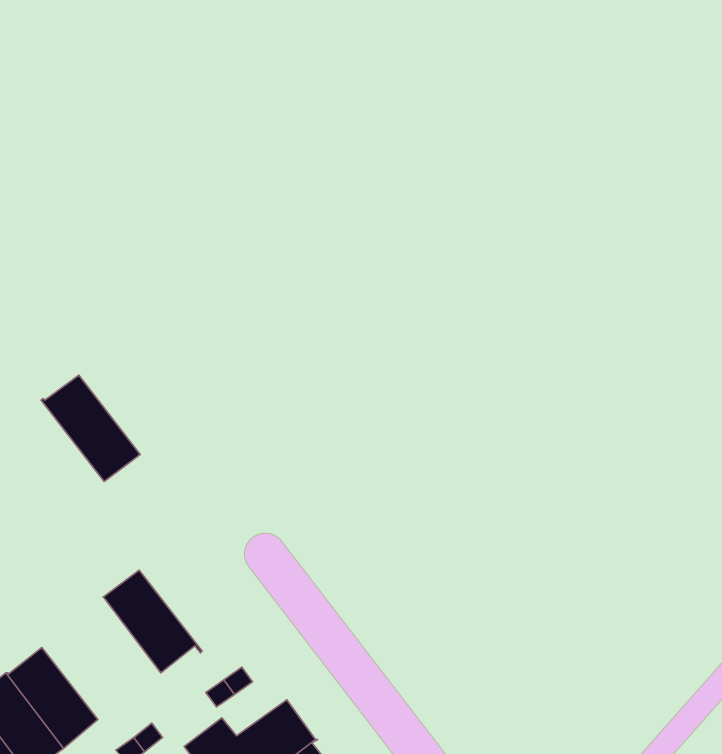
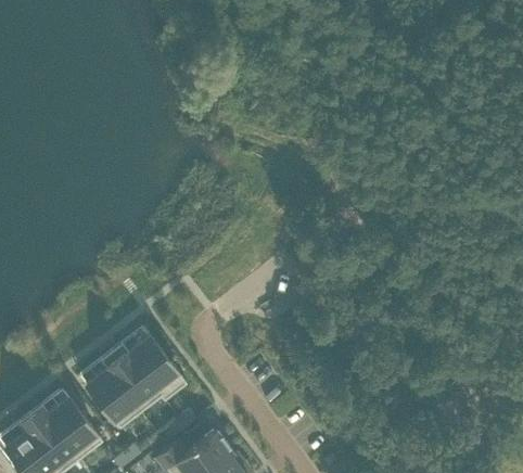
building: [41,375,140,481] -> [124,333,183,397]
building: none -> [82,366,137,425]

